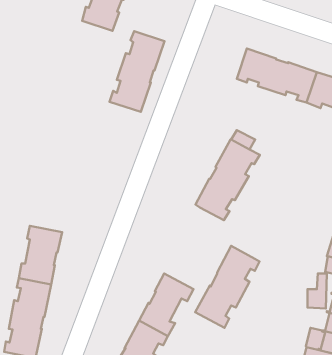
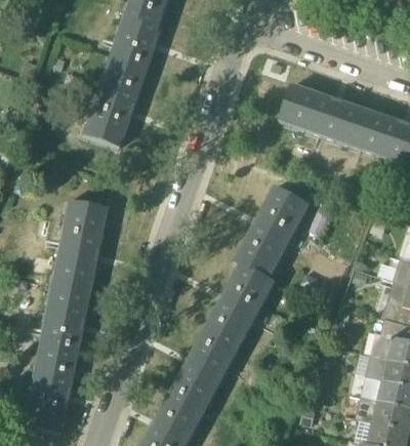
building: [109,31,165,112] -> [83,54,145,145]
building: none -> [52,202,105,290]
building: [195,246,260,328] -> [202,262,274,354]

